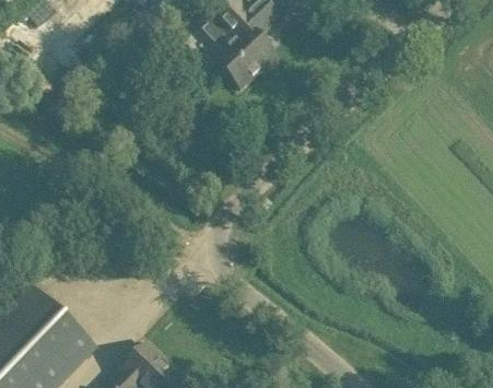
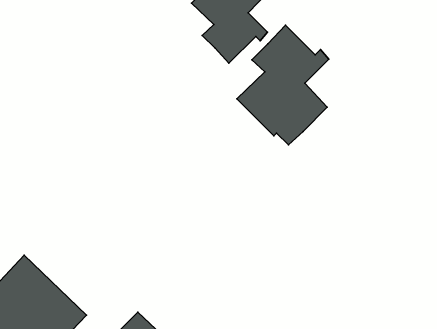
building: none -> [237,25,329,145]

